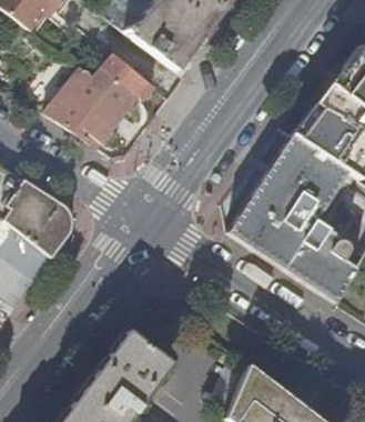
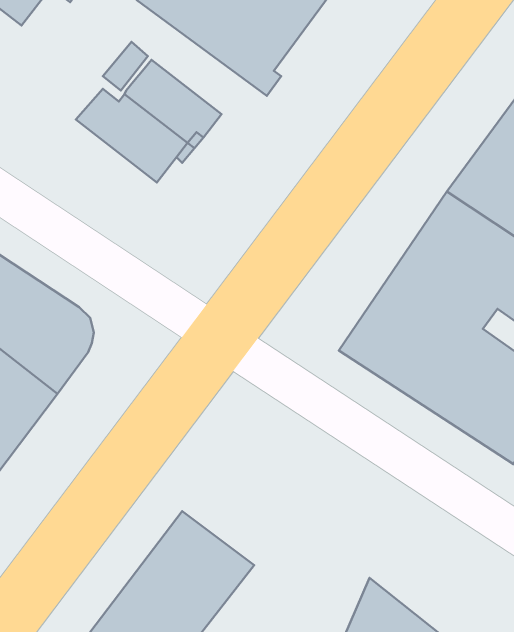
building: [44,90,116,151] -> none

